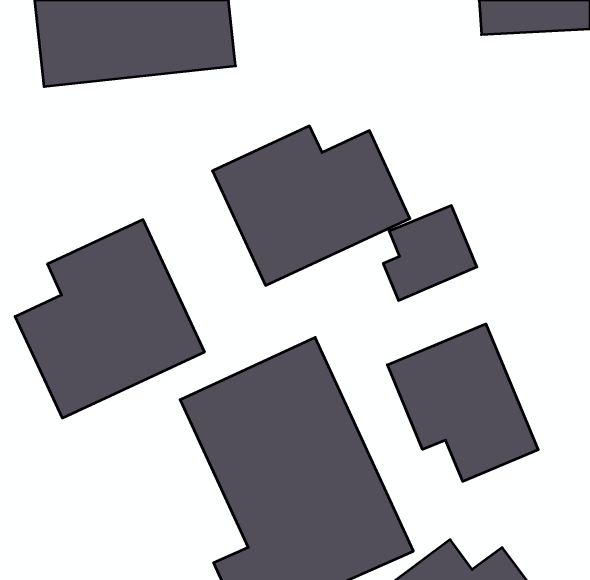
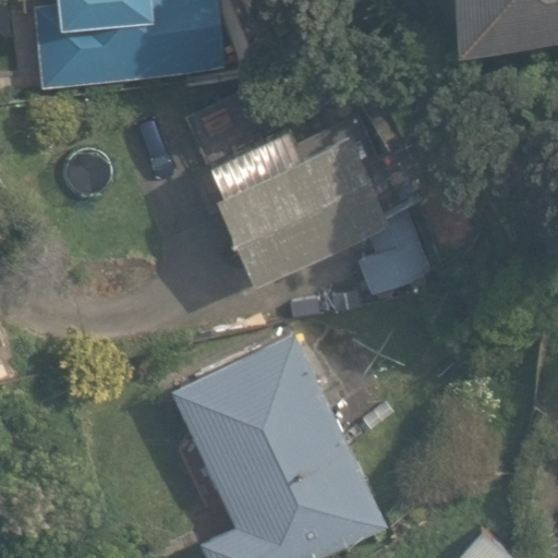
building: [15,220,204,418] -> none
building: [387,324,538,481] -> none

